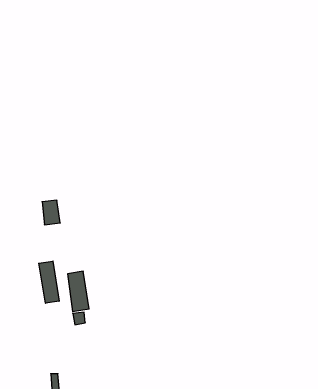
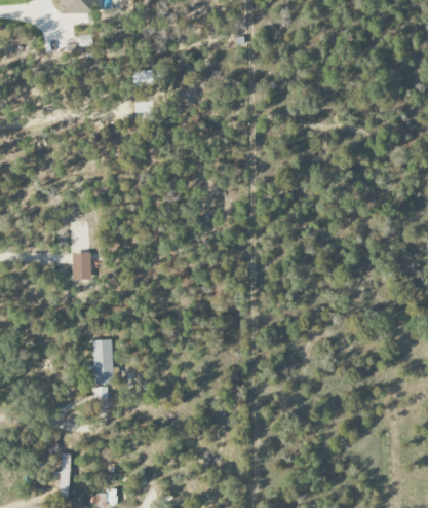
building: [39,261,59,303] -> none

